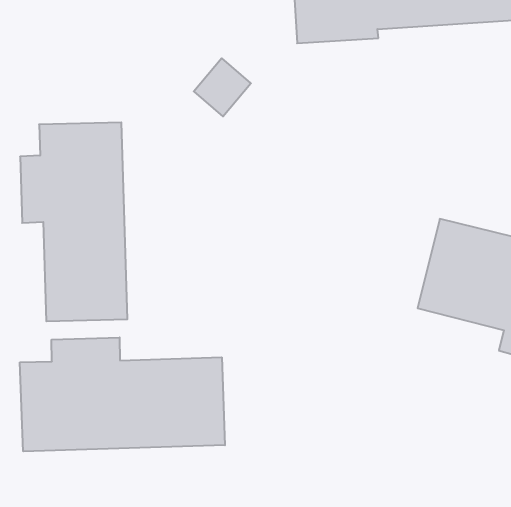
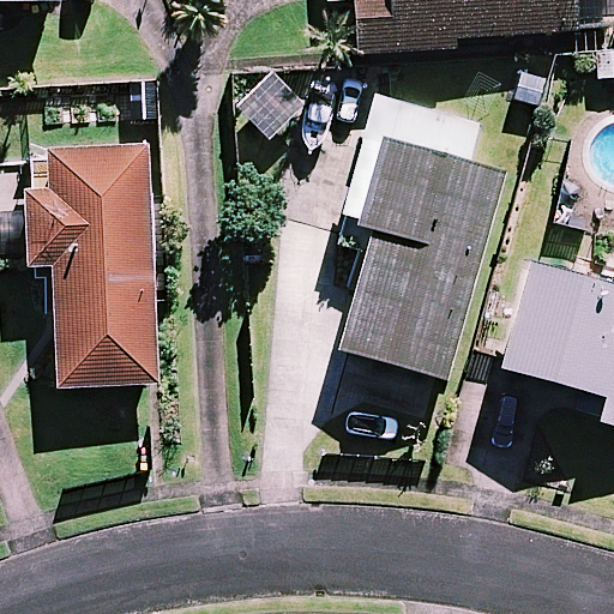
building: none -> [339,101,501,378]
building: [20,337,225,451] -> none

